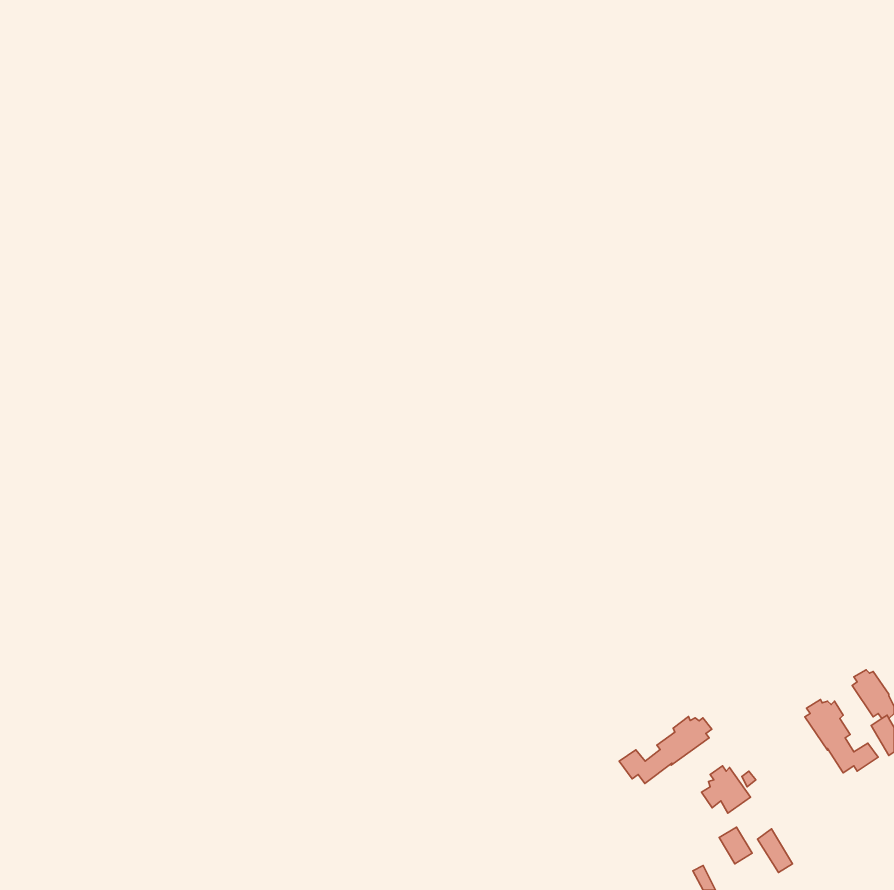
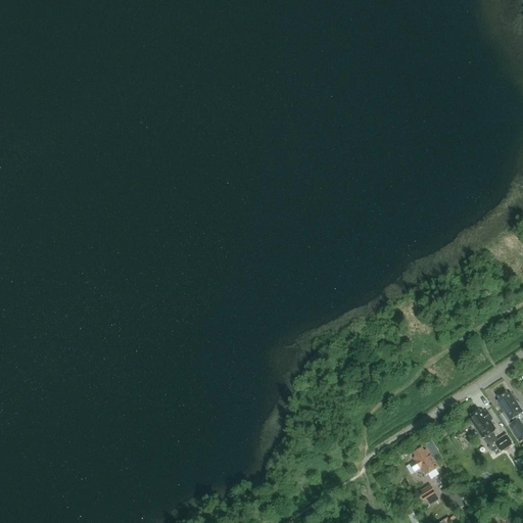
building: [619,716,712,784] -> none

